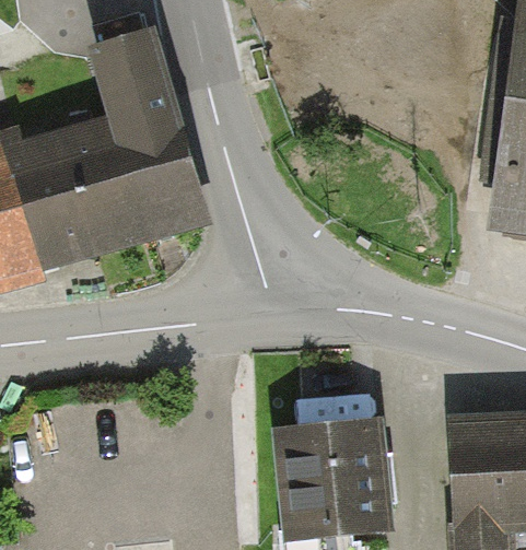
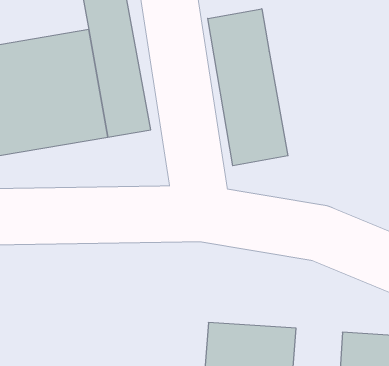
building: none -> [208,9,288,166]

